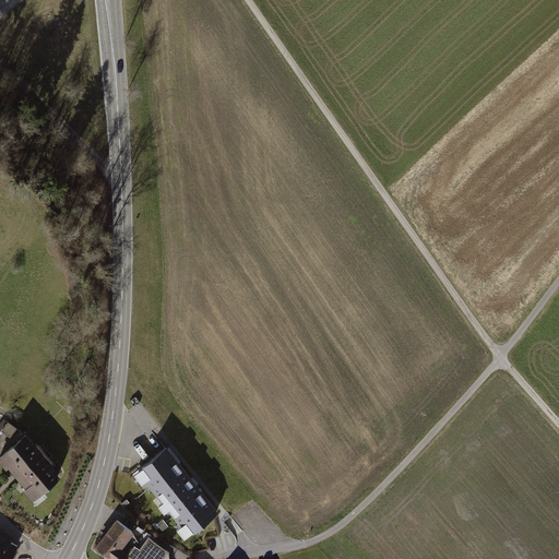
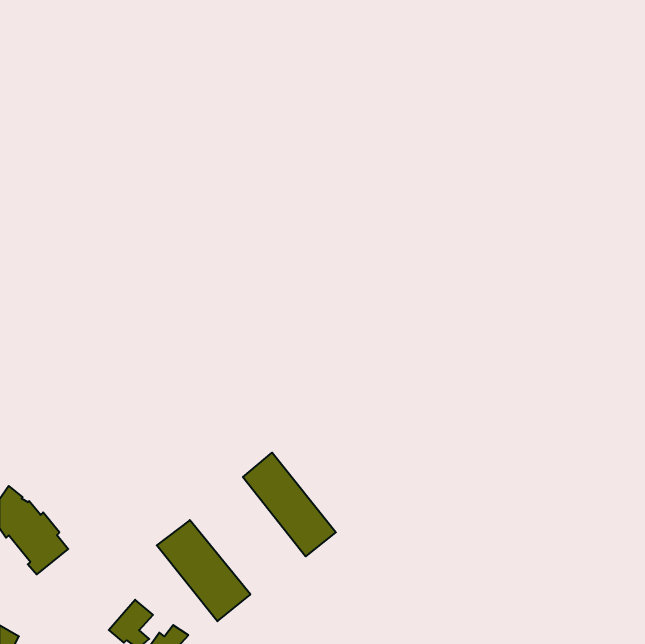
building: none -> [243,453,336,556]

